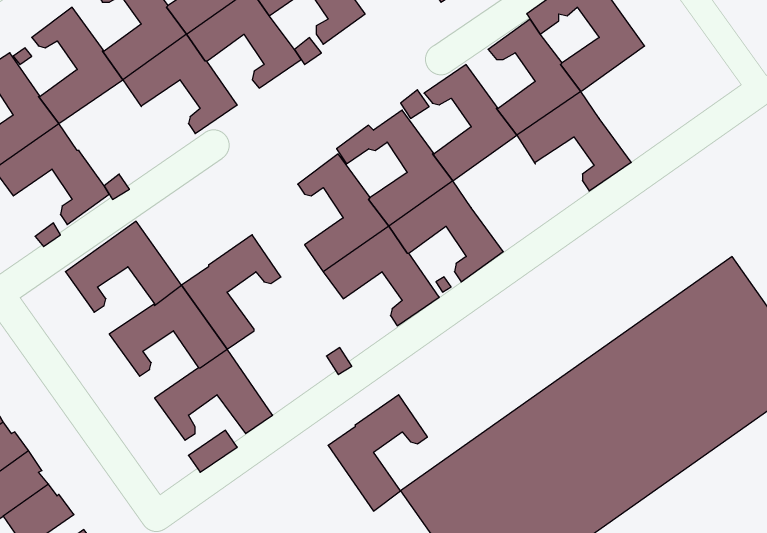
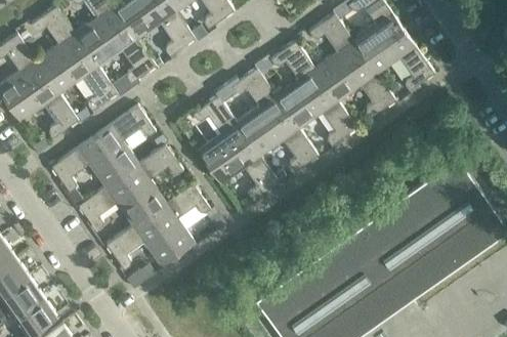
building: none -> [366,31,435,91]
building: none -> [48,51,118,112]
building: none -> [288,85,357,146]
building: none -> [95,107,157,176]
building: [328,395,427,511] -> [151,184,211,255]

